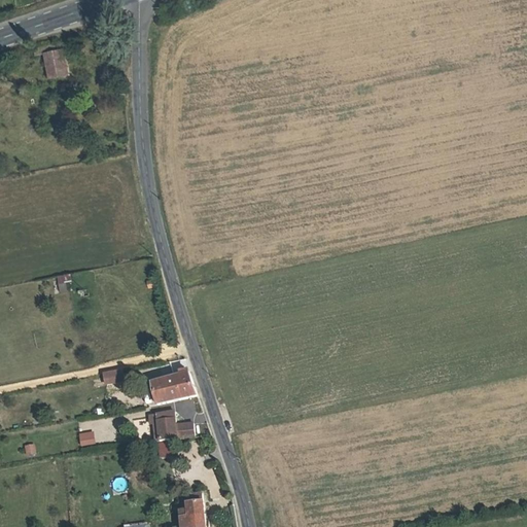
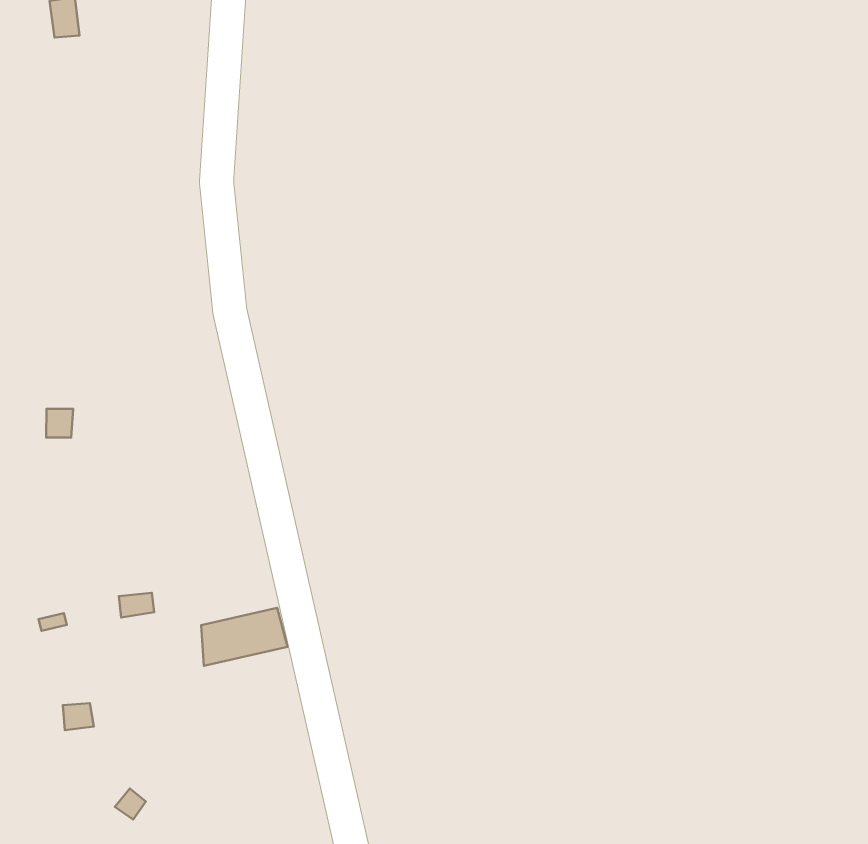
building: [153,411,190,443] -> none

